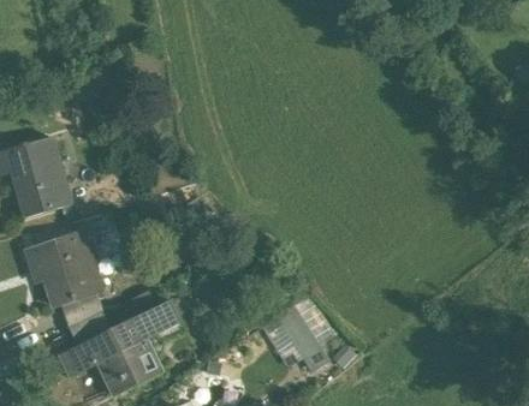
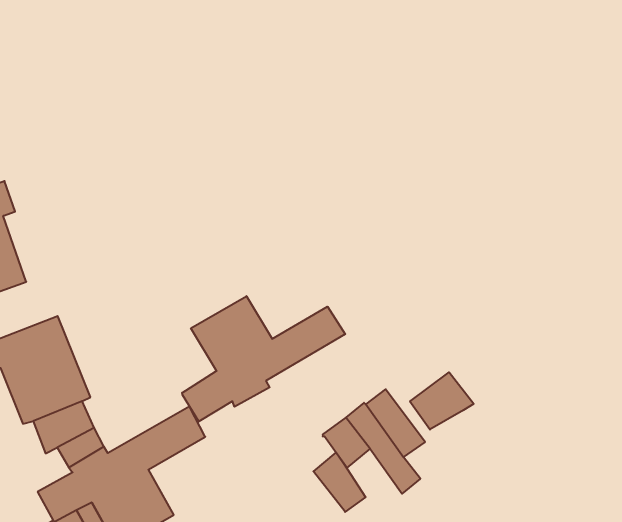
building: none -> [182,296,345,422]
building: none -> [410,372,474,430]
building: none -> [313,453,366,512]

